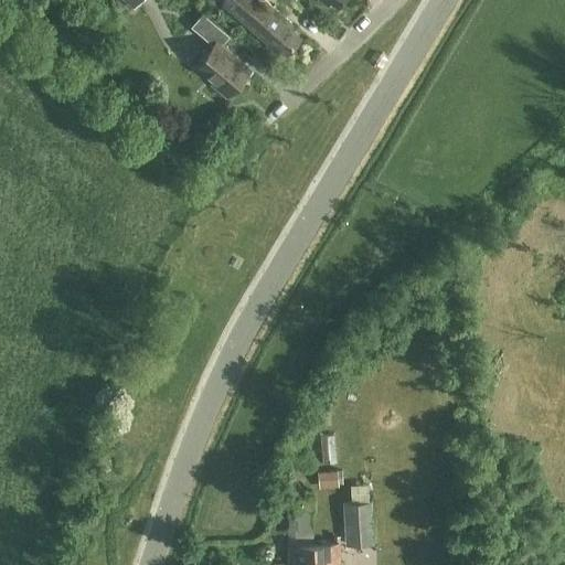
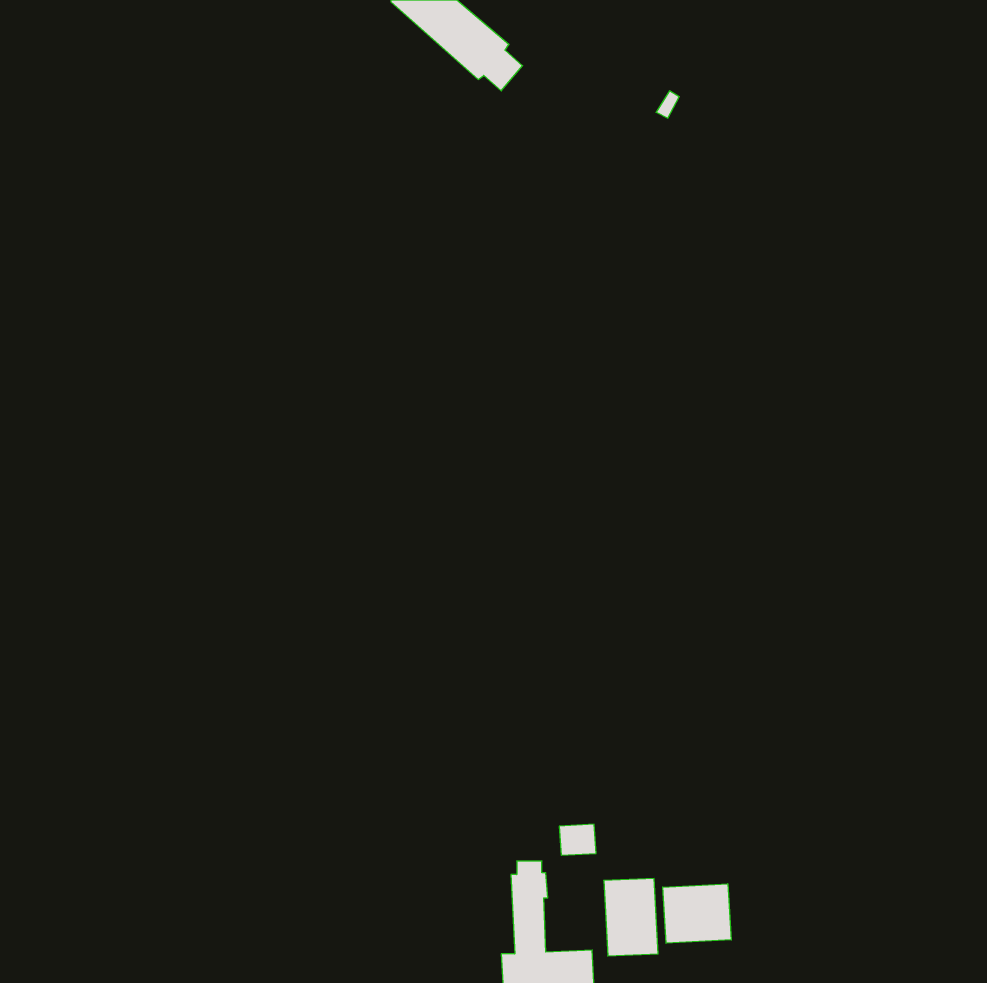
building: [191,14,248,98] -> none
building: none -> [663,884,731,943]

